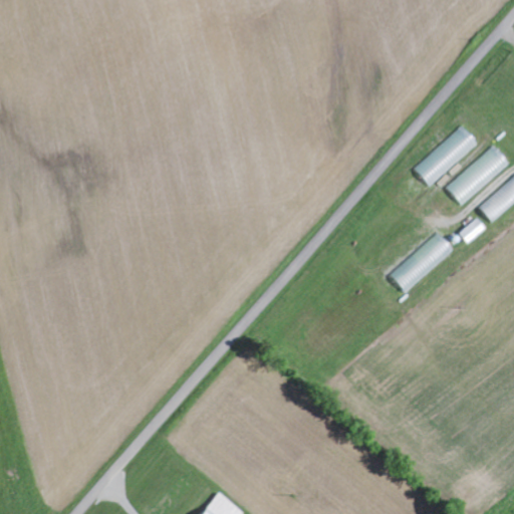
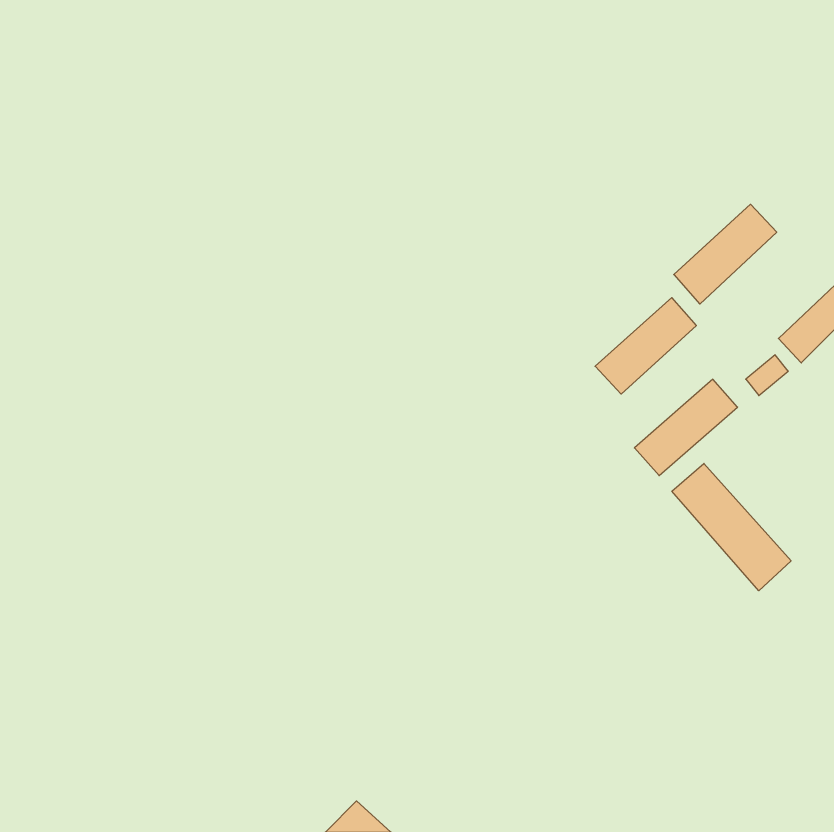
building: [447,146,509,205] -> [595,298,696,394]
building: none -> [672,463,791,591]

